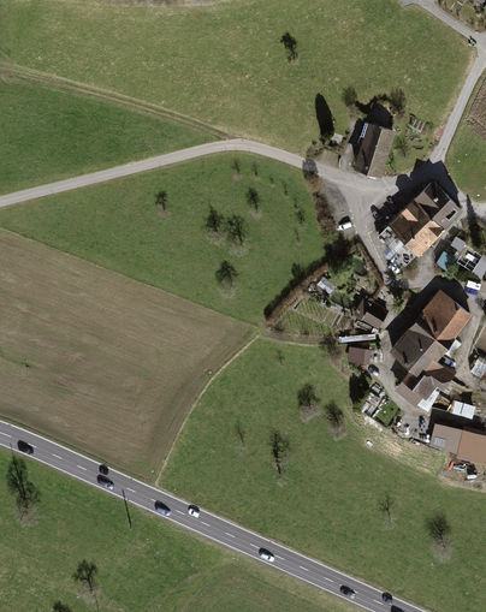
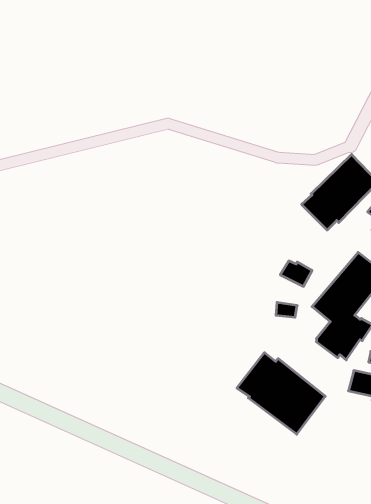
building: [352,123,395,177] -> none
building: none -> [237,353,325,434]

